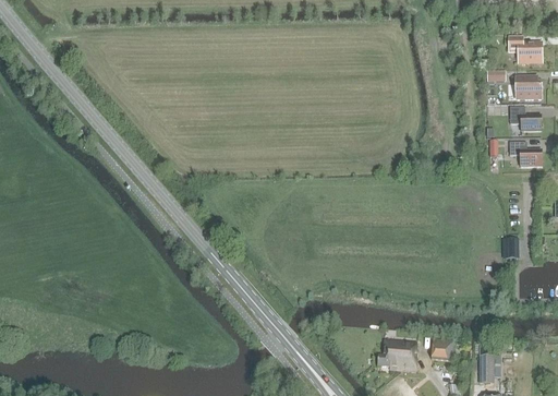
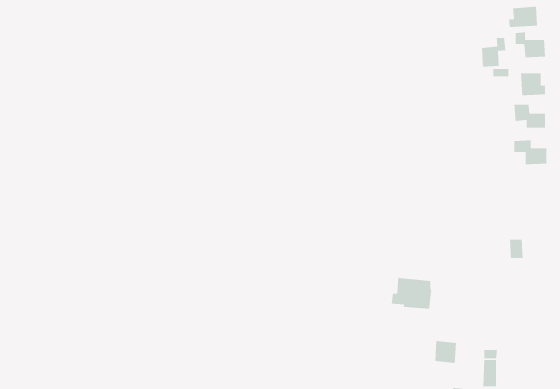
building: none -> [508,6,538,28]
building: none -> [481,37,506,67]
building: [377,338,417,370] -> [391,277,432,310]

